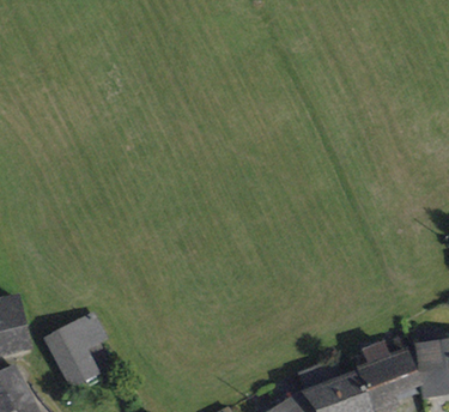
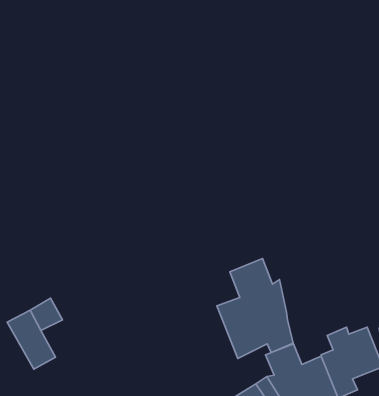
building: none -> [217,259,293,358]

